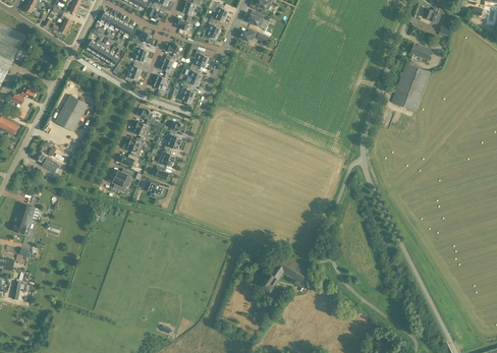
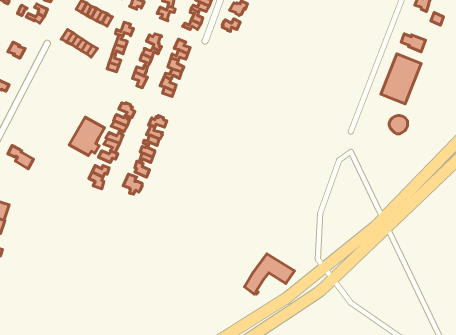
building: [55,95,89,131] -> [69,117,104,155]

